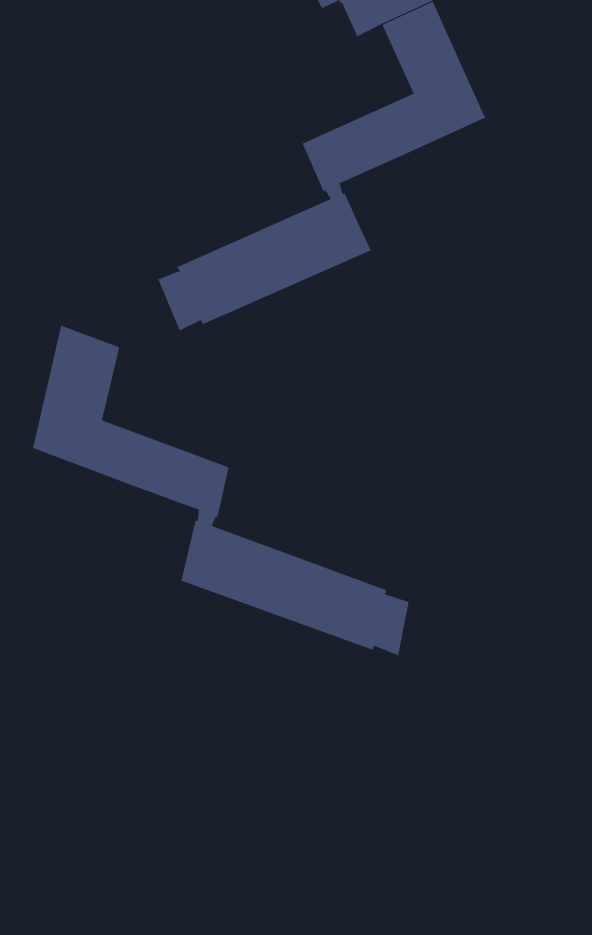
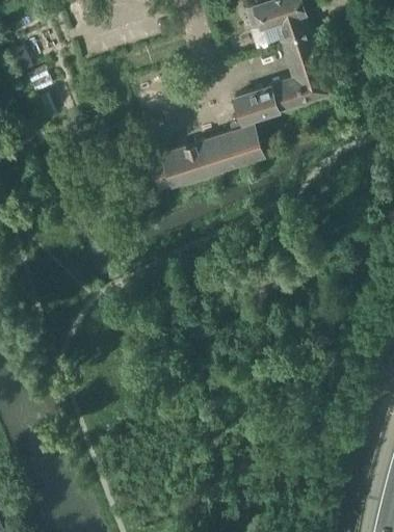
building: [32,325,409,656] -> none

